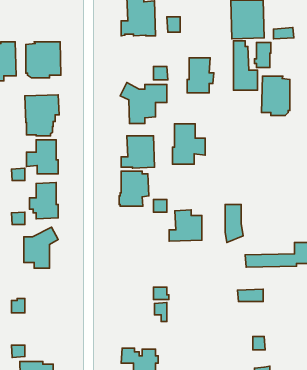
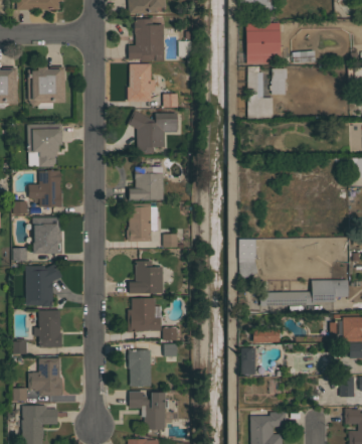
building: [187,58,214,93] -> [128,64,156,102]
building: [262,76,290,116] -> none
building: [172,124,205,164] -> none
building: [169,210,202,241] -> [129,261,163,294]
building: none -> [128,298,161,332]
building: none -> [34,310,62,347]
building: none -> [240,347,254,375]
building: none -> [129,349,151,386]
building: none -> [28,358,62,396]

